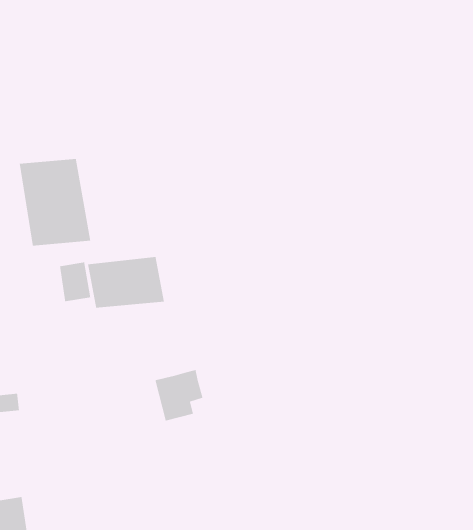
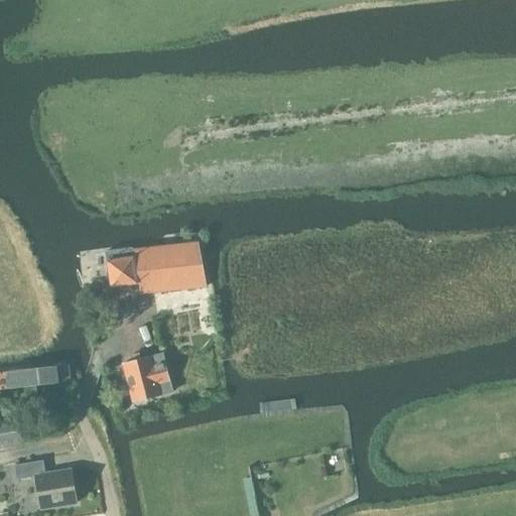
building: [19,158,91,246] -> none
building: [154,369,203,422] -> [122,353,168,402]

